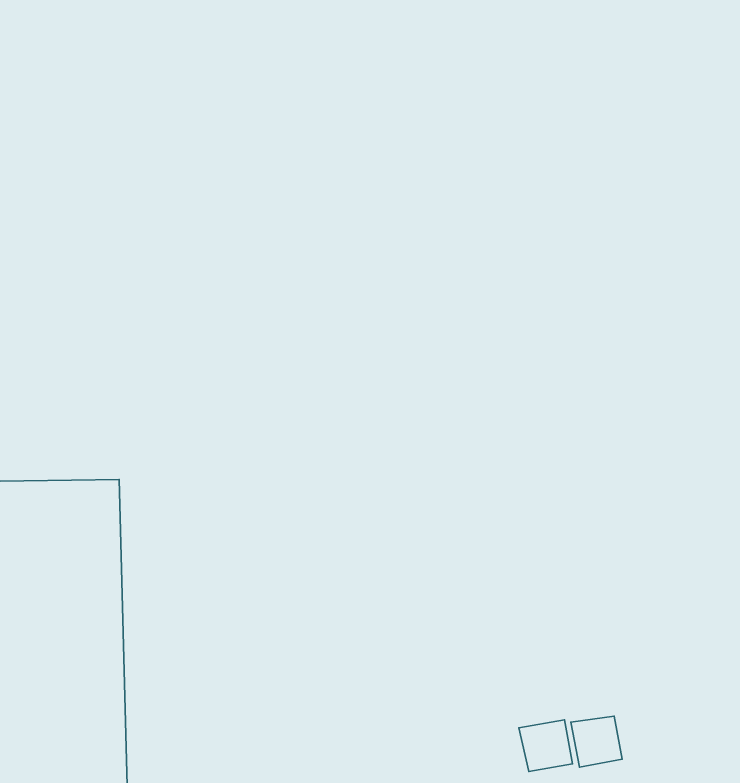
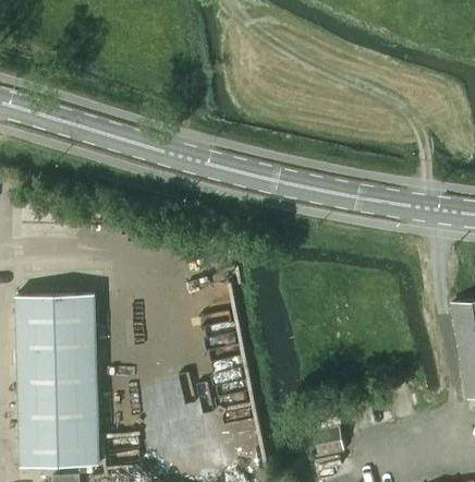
building: [571,716,622,767] -> none

